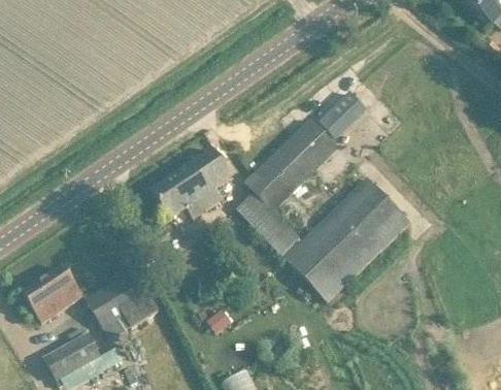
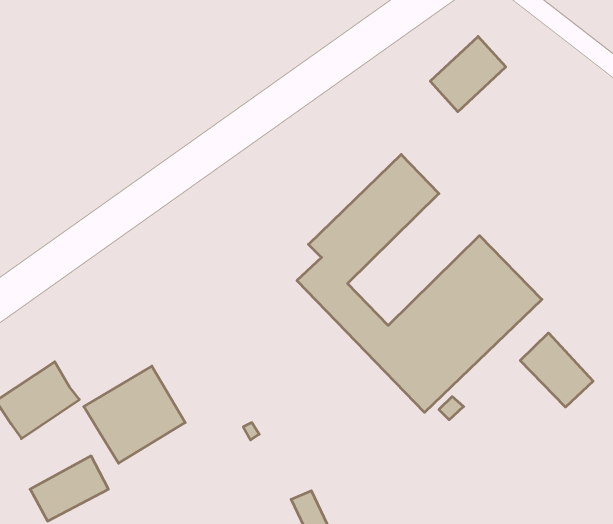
building: [323,92,376,145] -> [430,36,506,112]
building: [149,149,231,220] -> none
building: none -> [520,333,593,407]

